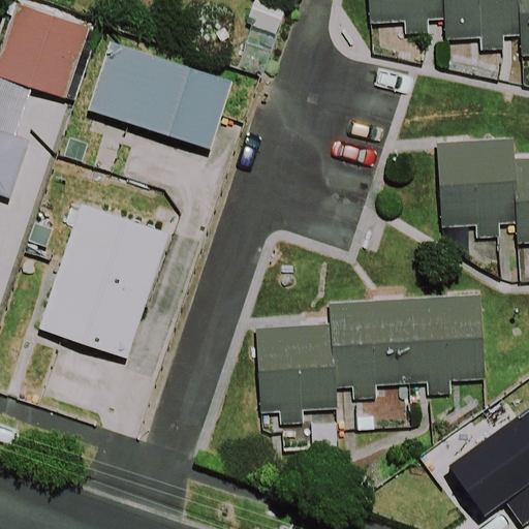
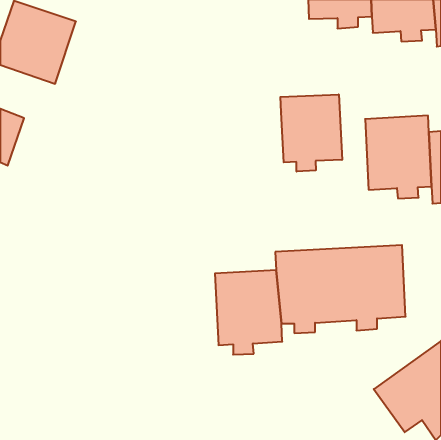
building: [88,43,232,149] -> none
building: none -> [280,94,342,172]
building: [38,205,167,359] -> none

